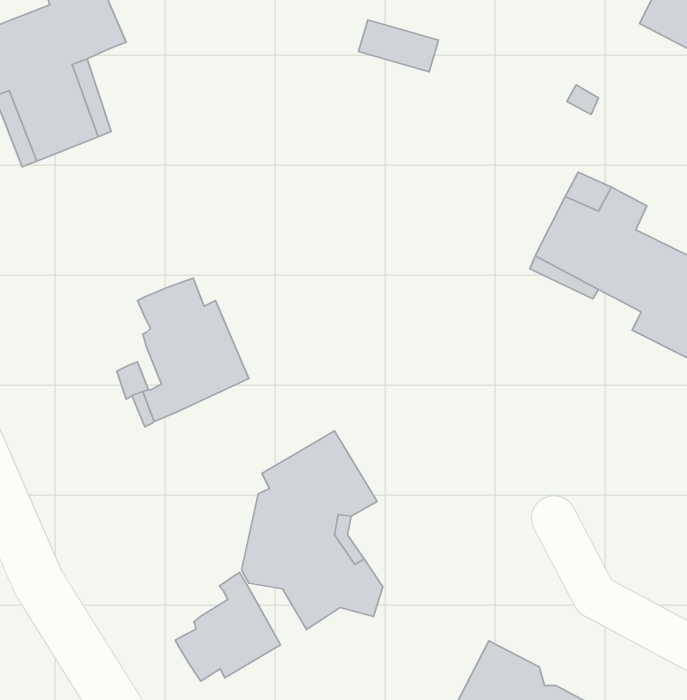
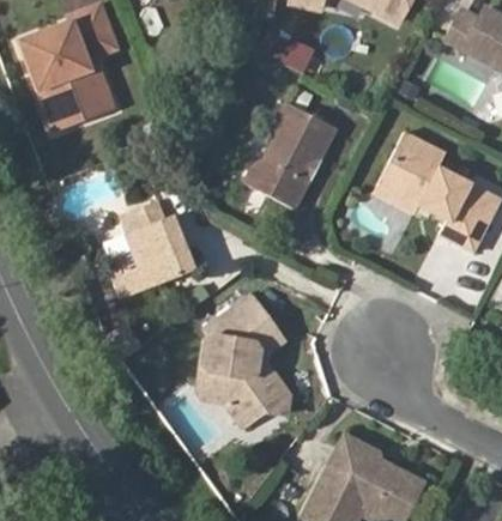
building: none -> [242,101,338,211]
building: [175,572,281,681] -> none

